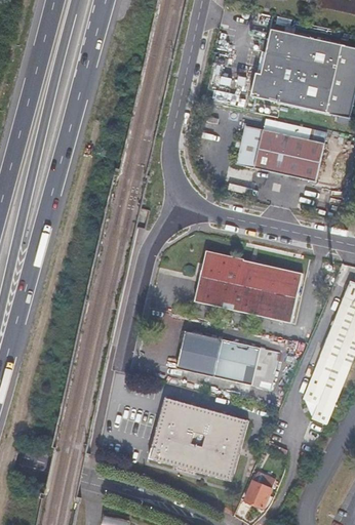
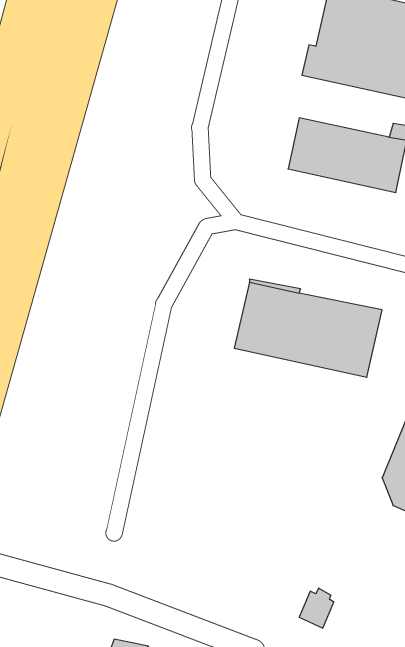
building: [177,329,279,388] -> none
building: [150,396,247,479] -> none

